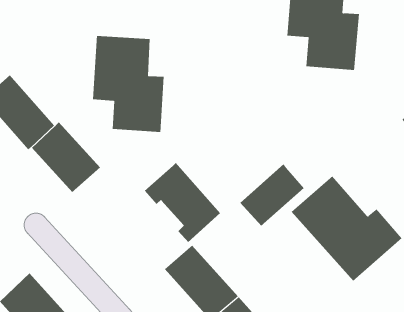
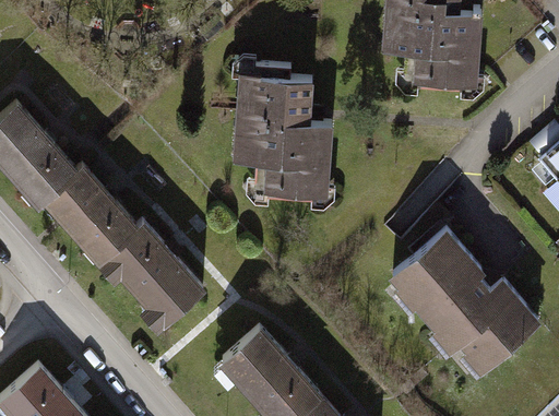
building: [92,36,164,133] -> [233,73,329,202]
building: [144,162,221,243] -> [98,218,201,325]
building: [239,164,304,227] -> none

